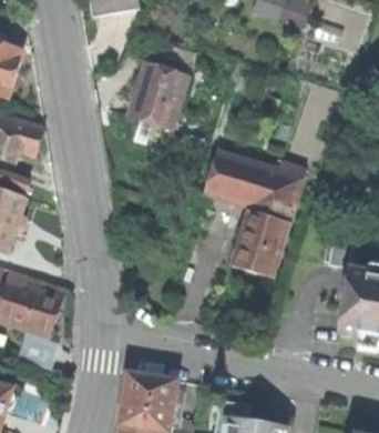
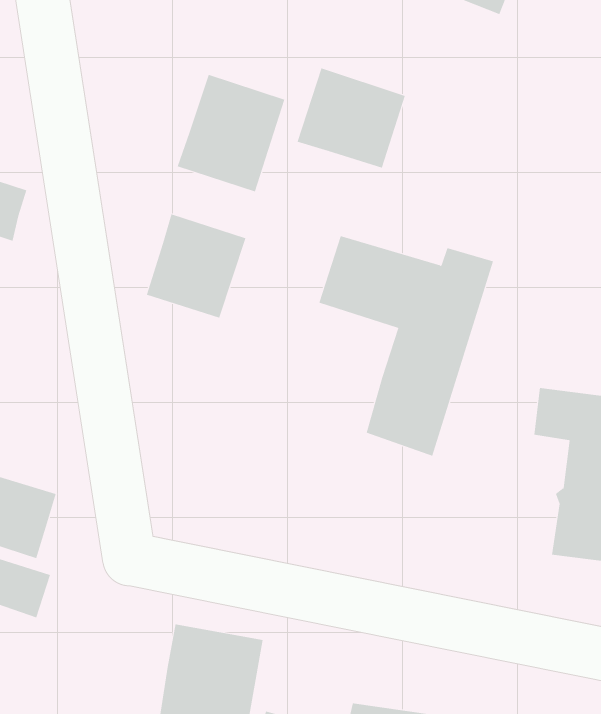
building: none -> [297,67,405,169]
building: none -> [146,214,246,318]

